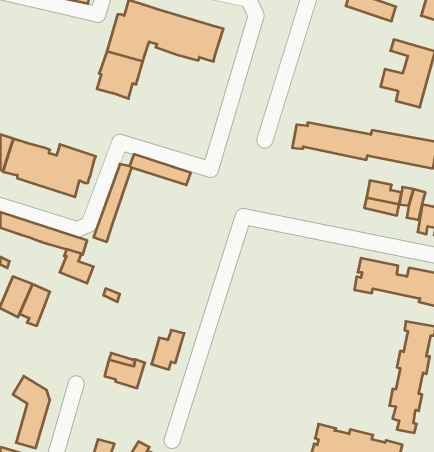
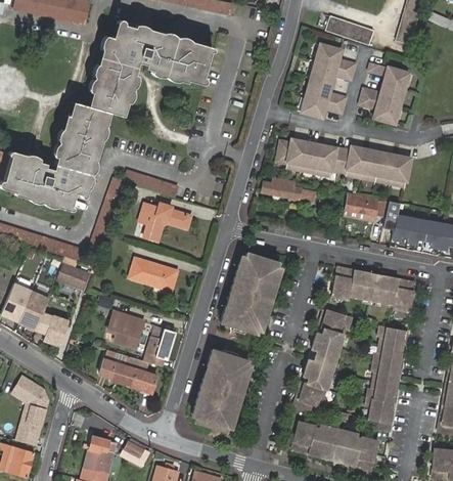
building: none -> [300,43,356,119]
building: none -> [57,101,107,170]
building: none -> [261,177,301,200]
building: none -> [139,202,191,240]
building: none -> [221,252,279,332]
building: none -> [128,258,176,292]
building: none -> [293,309,352,411]
building: none -> [35,310,67,347]
building: none -> [108,310,144,347]
building: none -> [194,350,247,432]
building: none -> [130,363,156,393]

